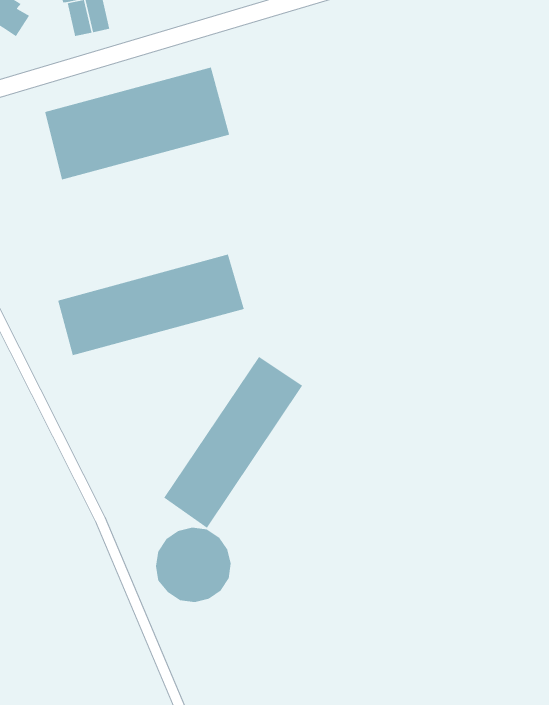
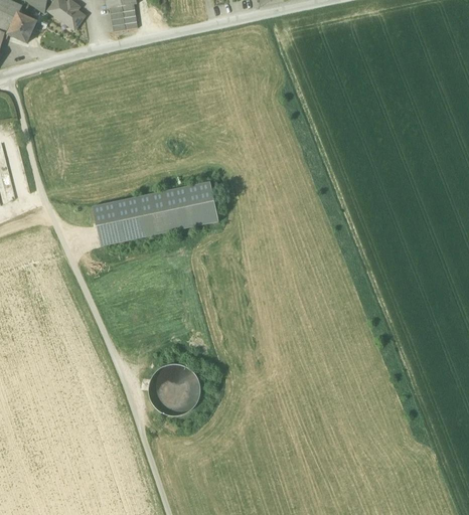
building: [44,67,230,181] -> none
building: [163,356,303,529] -> none

